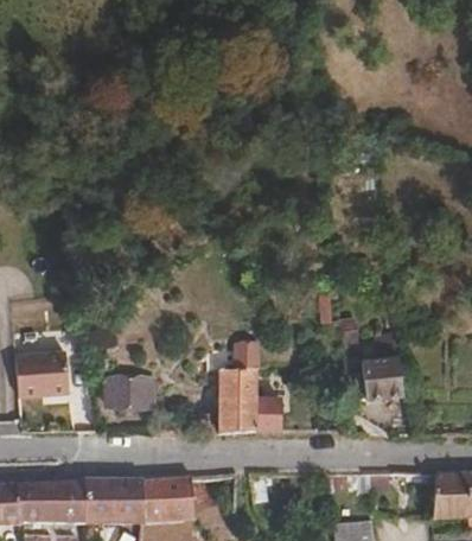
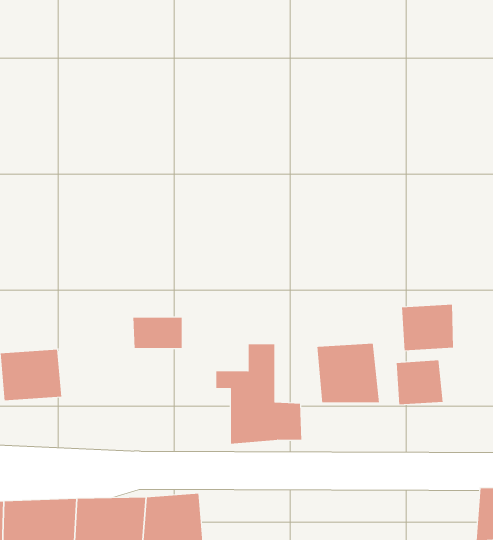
building: none -> [402,304,454,351]
building: none -> [317,343,379,403]
building: [104,381,148,408] -> [132,317,183,348]

